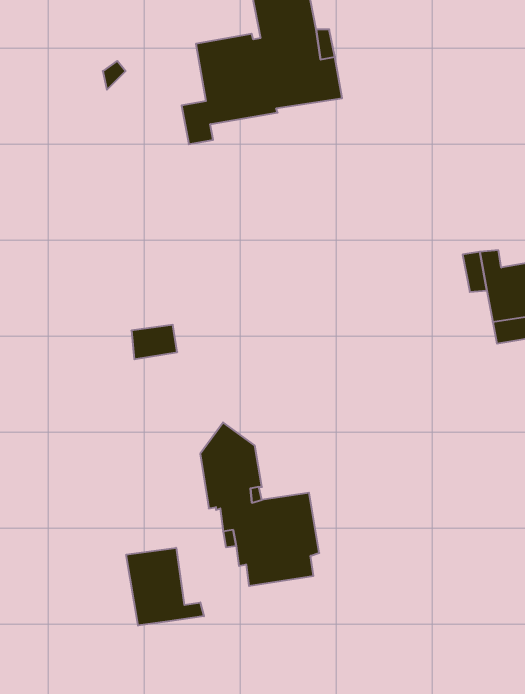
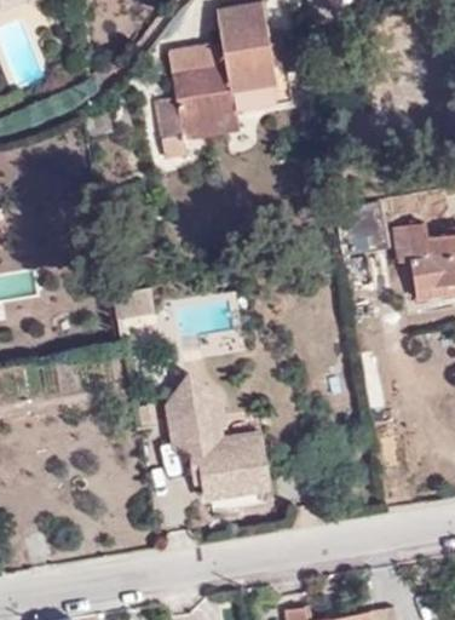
building: none -> [160,109,238,157]
building: [126,548,204,626] -> none

